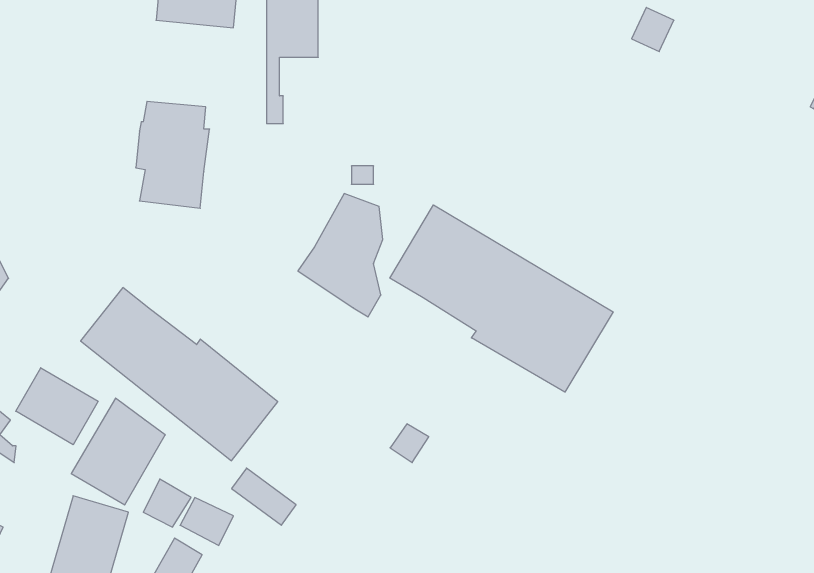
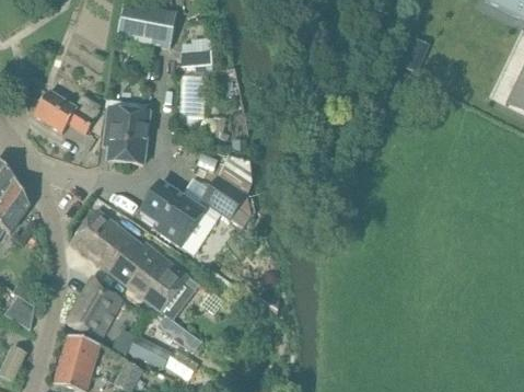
building: none -> [34,90,101,132]
building: [390,205,613,392] -> none
building: none -> [140,181,205,245]
building: [16,368,98,445] -> none

